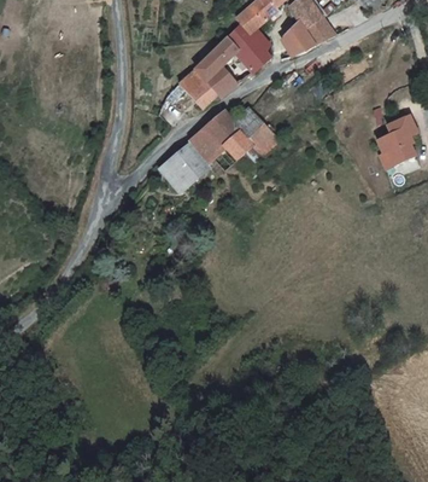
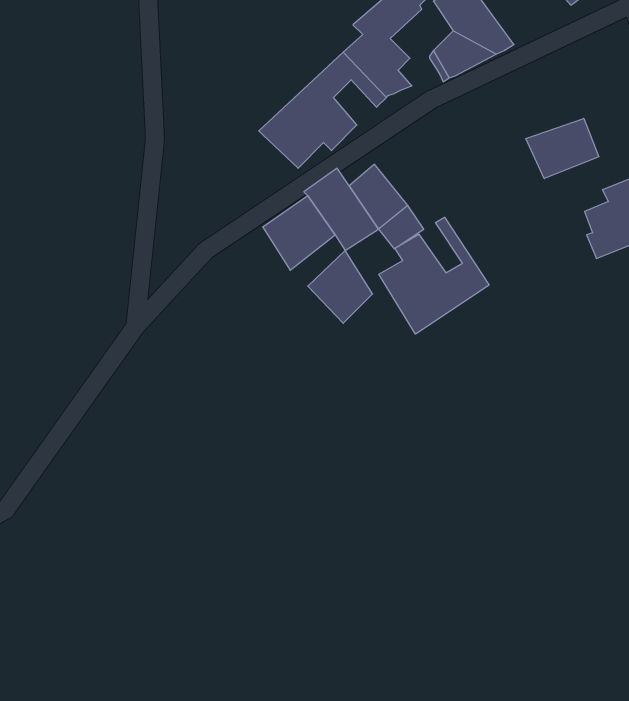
building: none -> [526,118,599,179]
building: none -> [379,217,489,334]
building: [157,145,197,190] -> [308,251,373,323]

